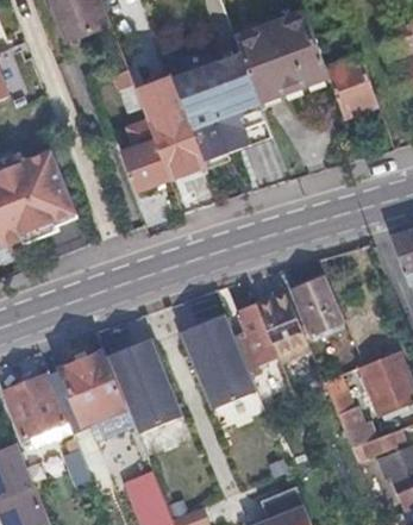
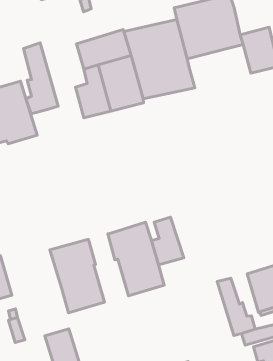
building: none -> [24,43,58,114]
building: [292,275,345,335] -> none
building: [257,293,308,355] -> none
building: [60,351,127,425] -> none

